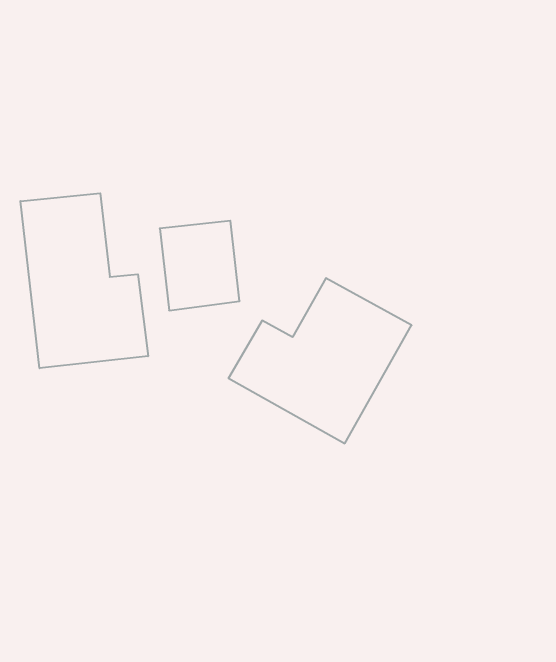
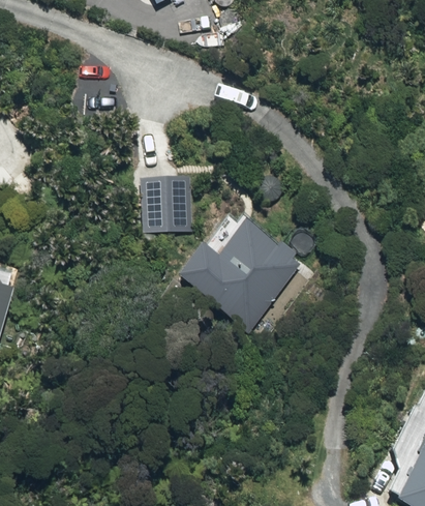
building: [20,193,148,368] -> none

